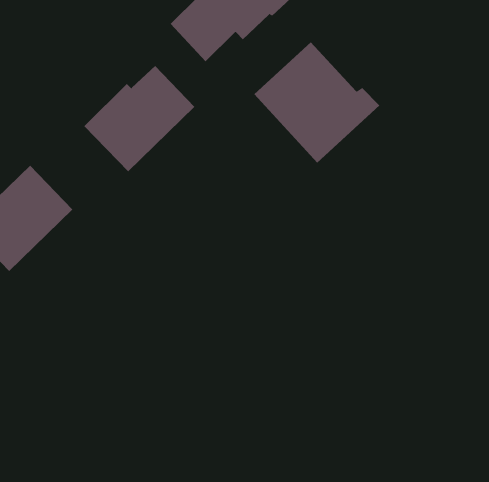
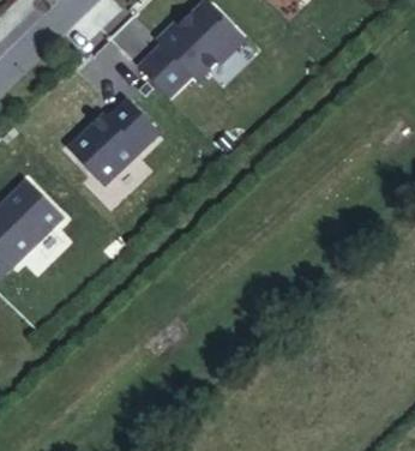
building: [254,41,380,164] -> none

